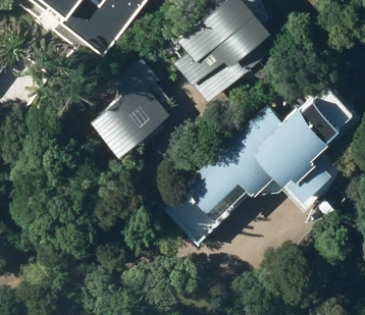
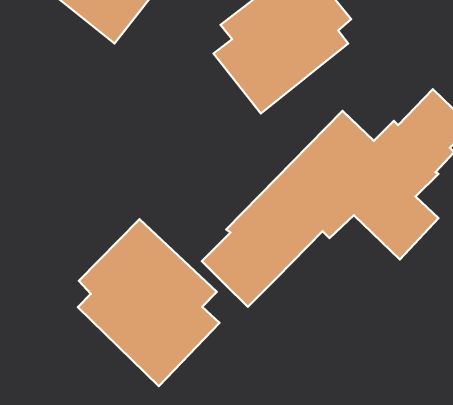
building: [92,58,168,160] -> none
building: none -> [78,219,220,386]

